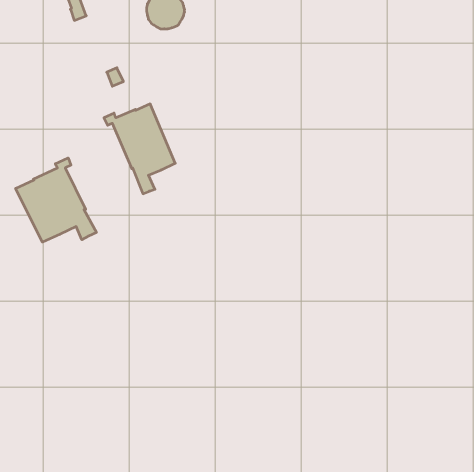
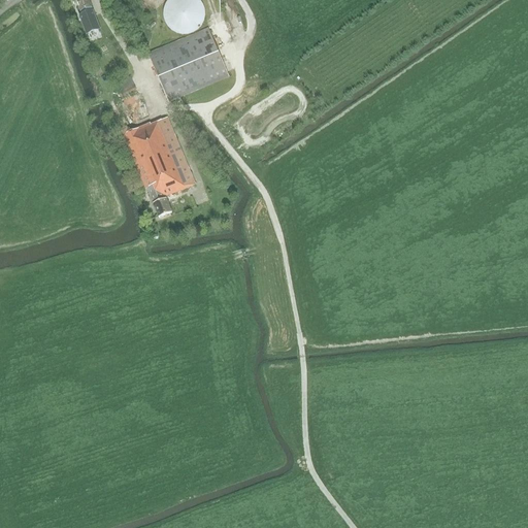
building: none -> [148,27,229,100]
building: [16,158,96,242] -> none

